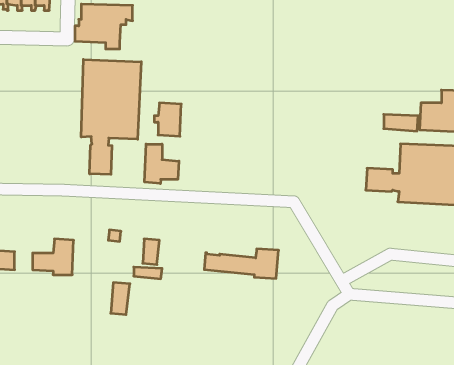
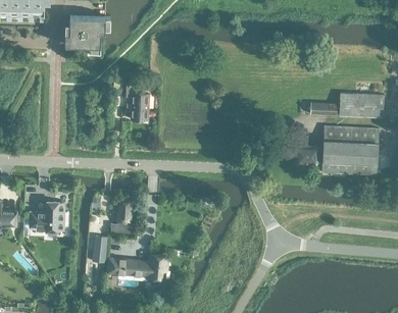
building: [81,59,141,174] -> none
building: [145,144,179,184] -> none
building: [204,249,279,278] -> [108,255,167,278]

